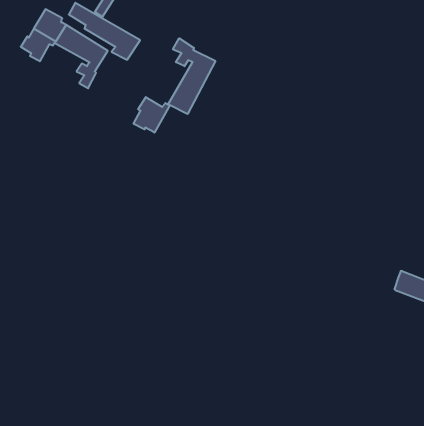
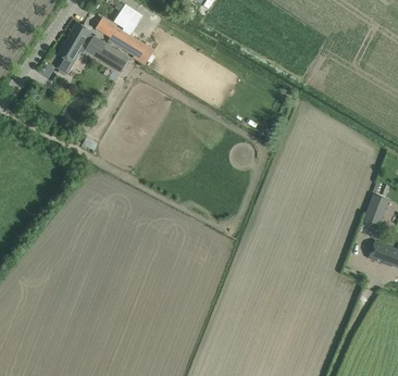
building: [134,38,215,133] -> none
building: none -> [364,193,389,224]

